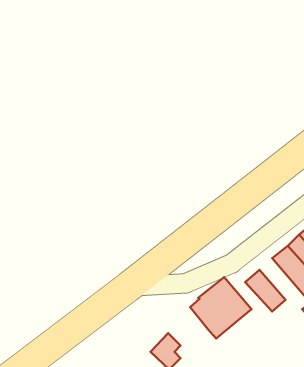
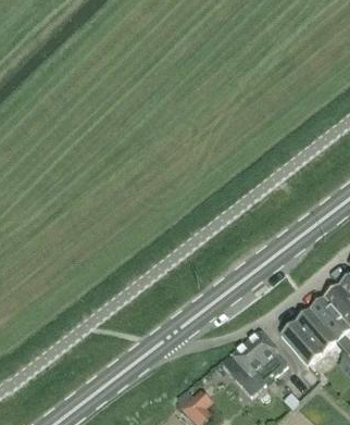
building: none -> [293,310,334,353]

